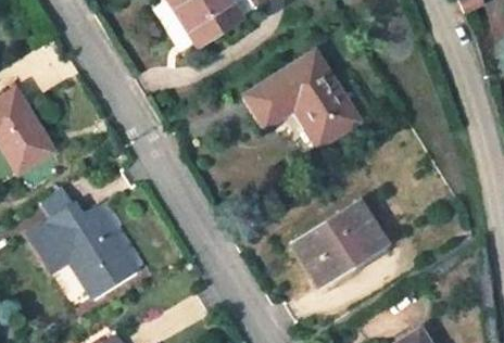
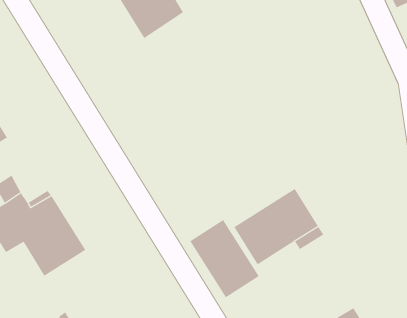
building: [247,53,356,144] -> none
building: none -> [189,219,259,298]

